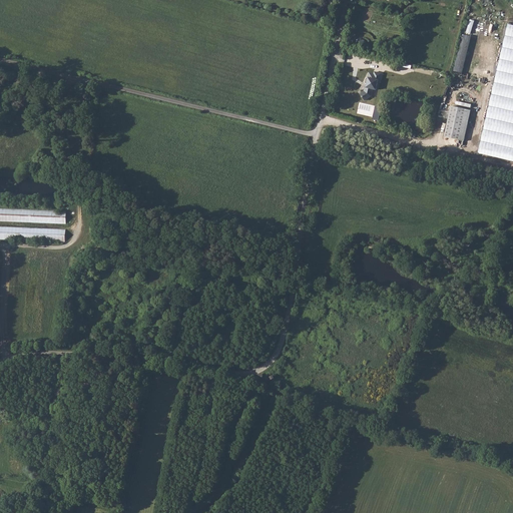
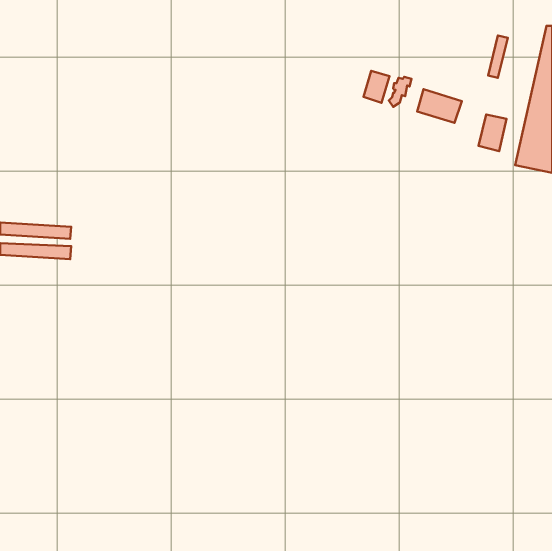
building: none -> [364,71,390,103]
building: none -> [417,89,462,123]

